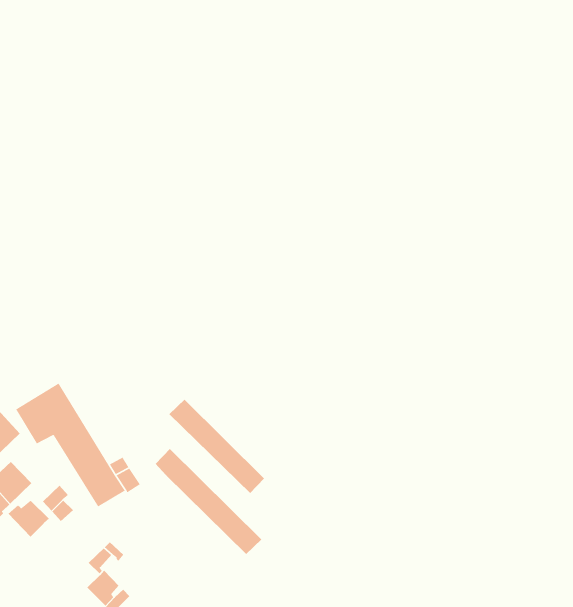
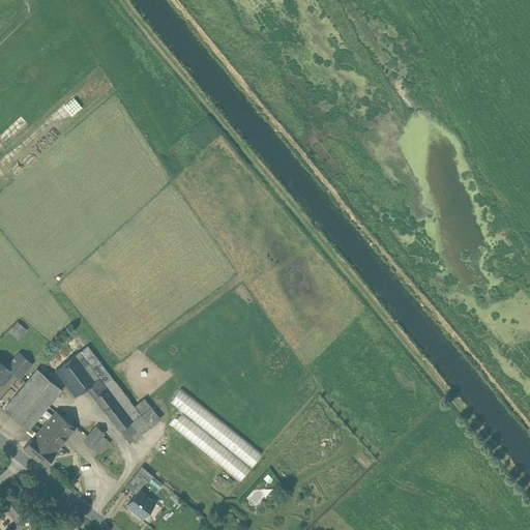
building: [168,399,265,494] -> [168,411,249,480]
building: [7,500,50,537] -> none

